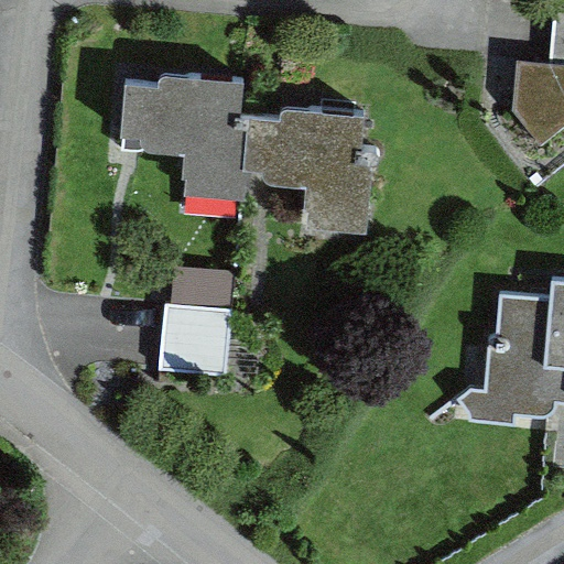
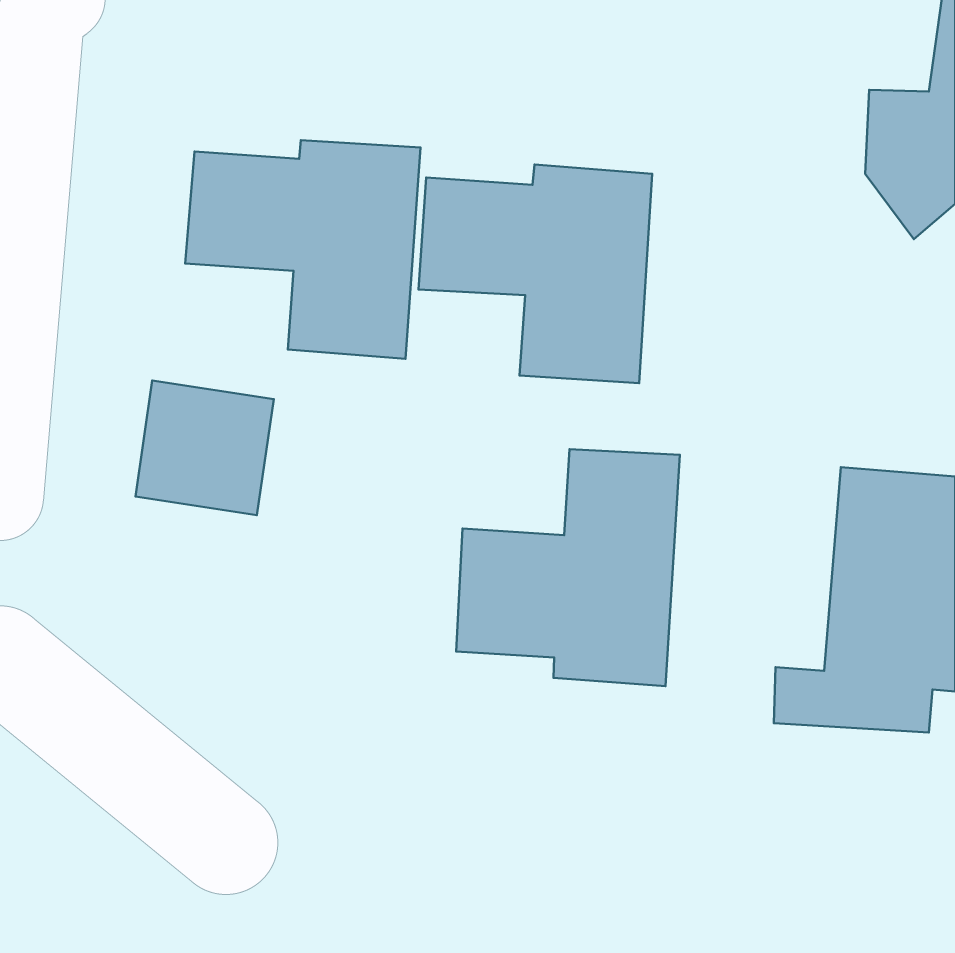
building: none -> [456,449,680,686]
building: [161,297,242,377] -> [135,380,274,515]

